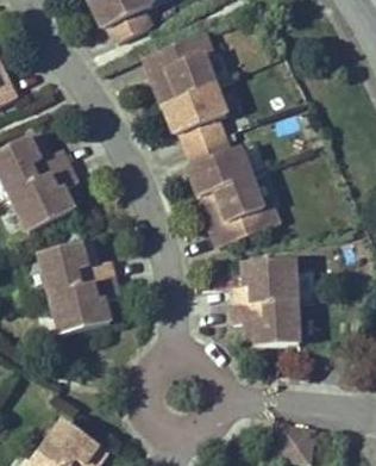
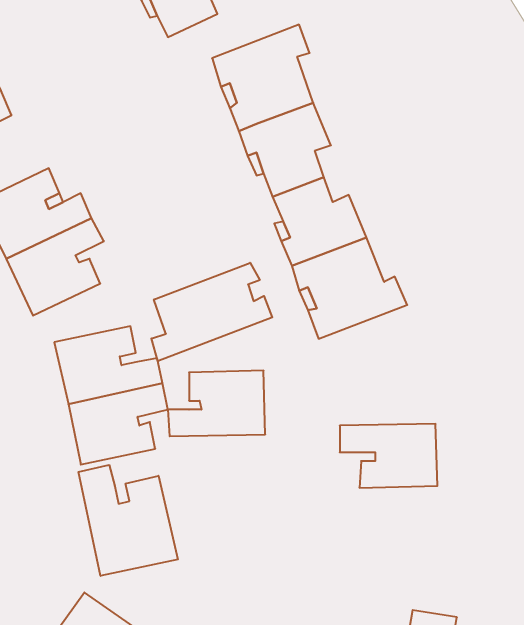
building: none -> [151,263,272,361]
building: [232,260,297,304] -> [168,371,265,436]
building: none -> [78,465,178,576]

